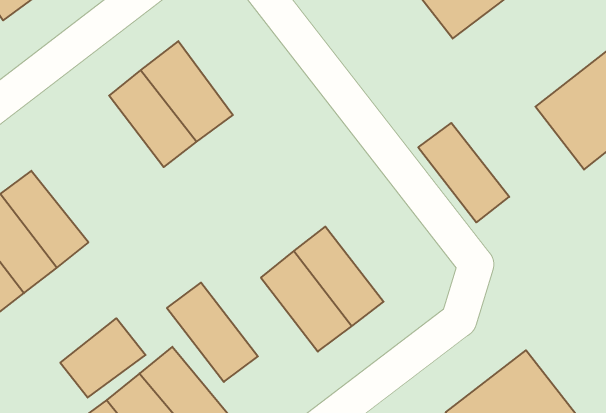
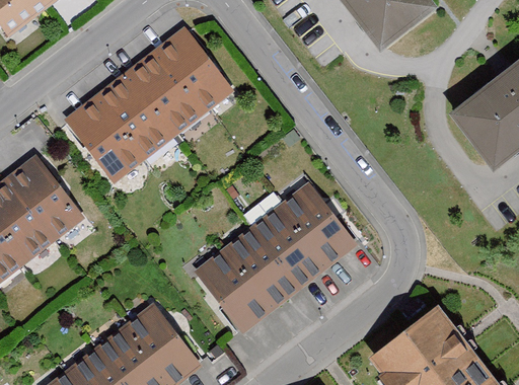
building: none -> [154,29,229,112]
building: none -> [64,96,142,180]
building: [418,123,509,222] -> [277,185,353,268]
building: [167,283,258,382] -> [195,248,271,331]
building: [60,318,146,398] -> none

